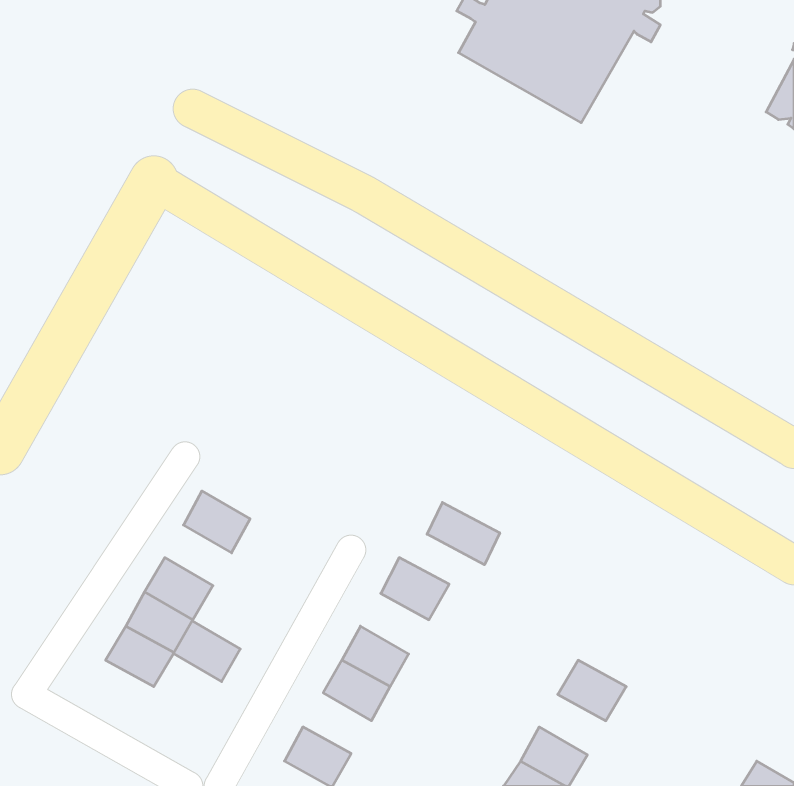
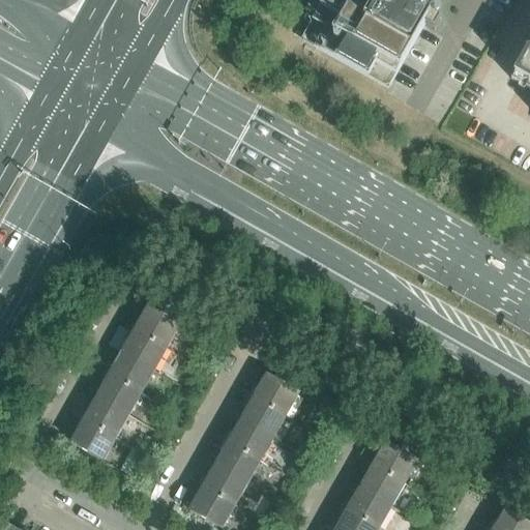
building: none -> [135,304,180,346]
building: [427,502,500,565] -> none
building: none -> [240,395,286,436]
building: [173,621,240,682] -> [110,350,154,390]
building: none -> [202,462,247,502]
building: none -> [359,463,404,503]

